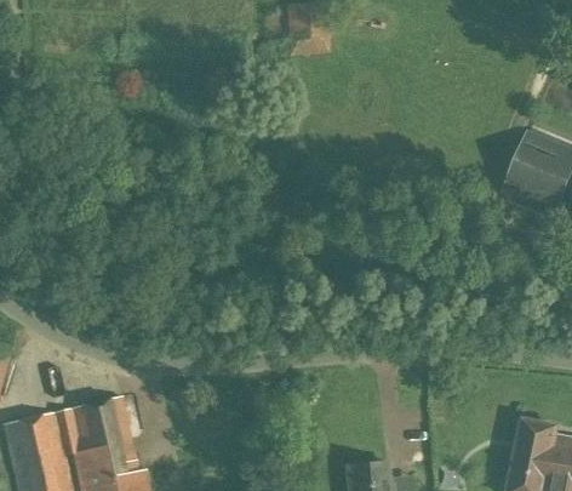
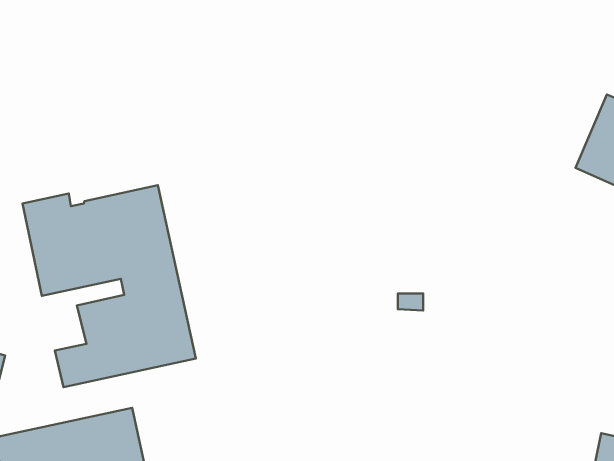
building: none -> [23,185,196,387]

